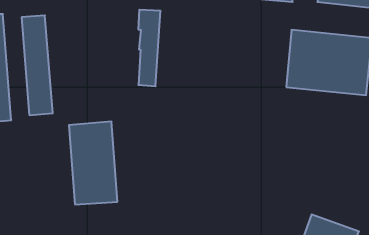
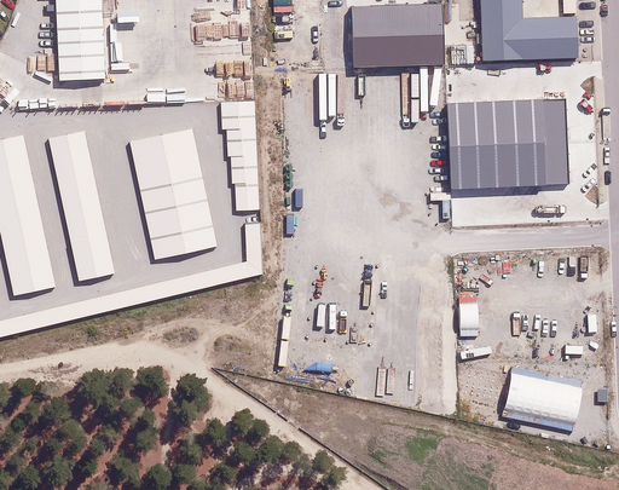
building: [69,122,117,204] -> [131,133,216,261]

